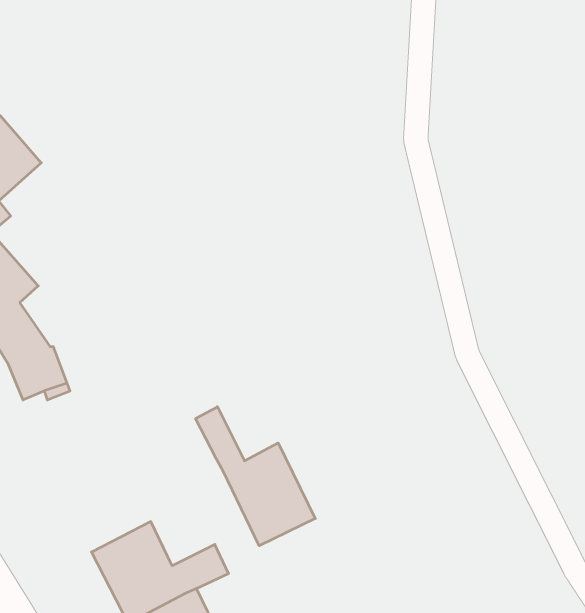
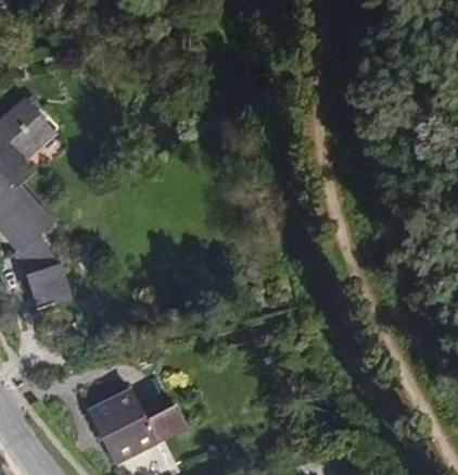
building: [196,407,315,546] -> none

